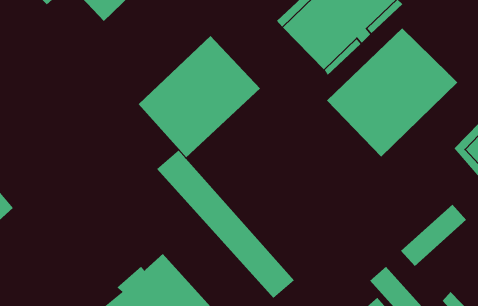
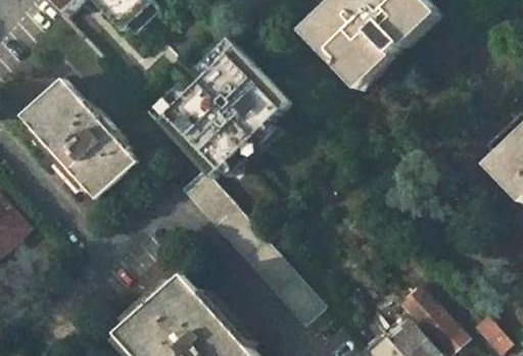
building: [326,27,458,157] -> none
building: none -> [21,80,138,200]
building: [400,204,467,267] -> none

